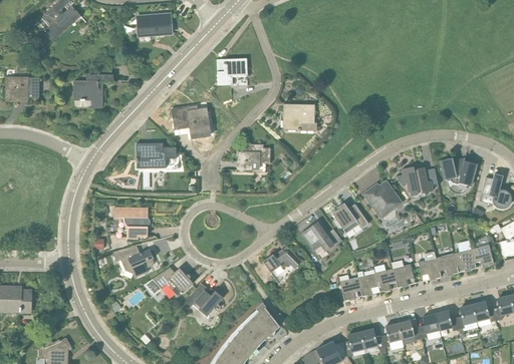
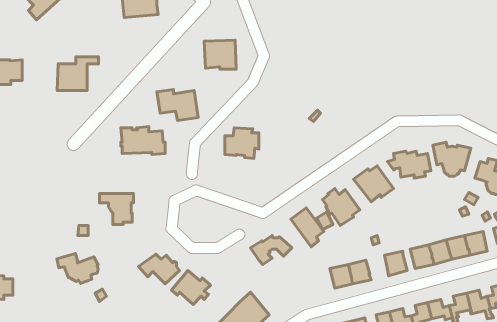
building: [283,103,315,130] -> none
building: [113,247,154,276] -> [57,254,98,283]
building: [374,268,397,292] -> none

